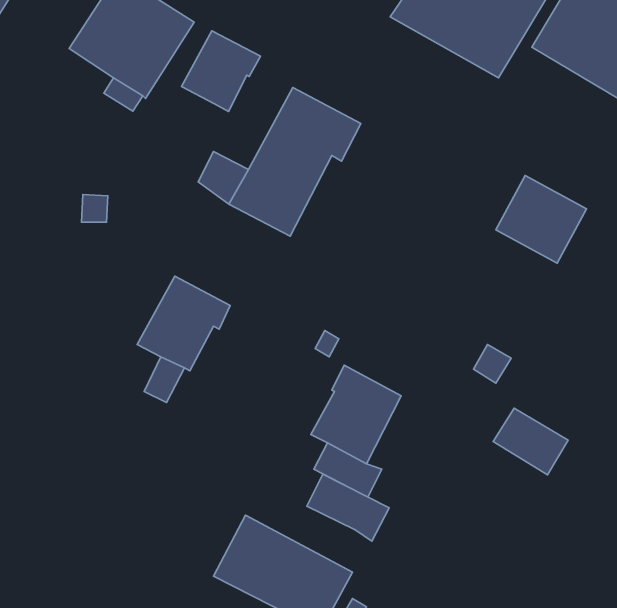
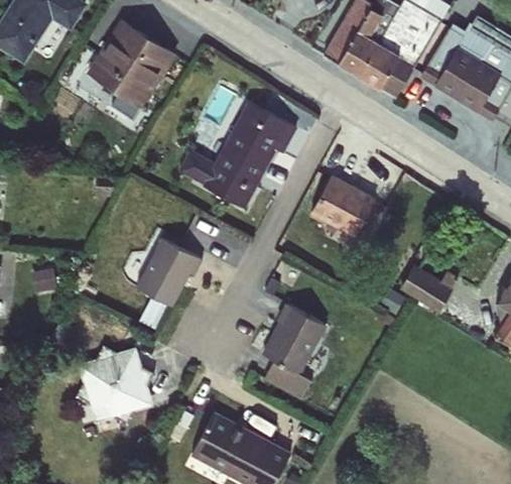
building: [181,31,260,111] -> none
building: [496,176,586,263] -> [310,175,376,239]
building: [493,408,568,475] -> [399,266,454,315]
building: none -> [76,347,155,427]
building: [307,474,389,541] -> none

